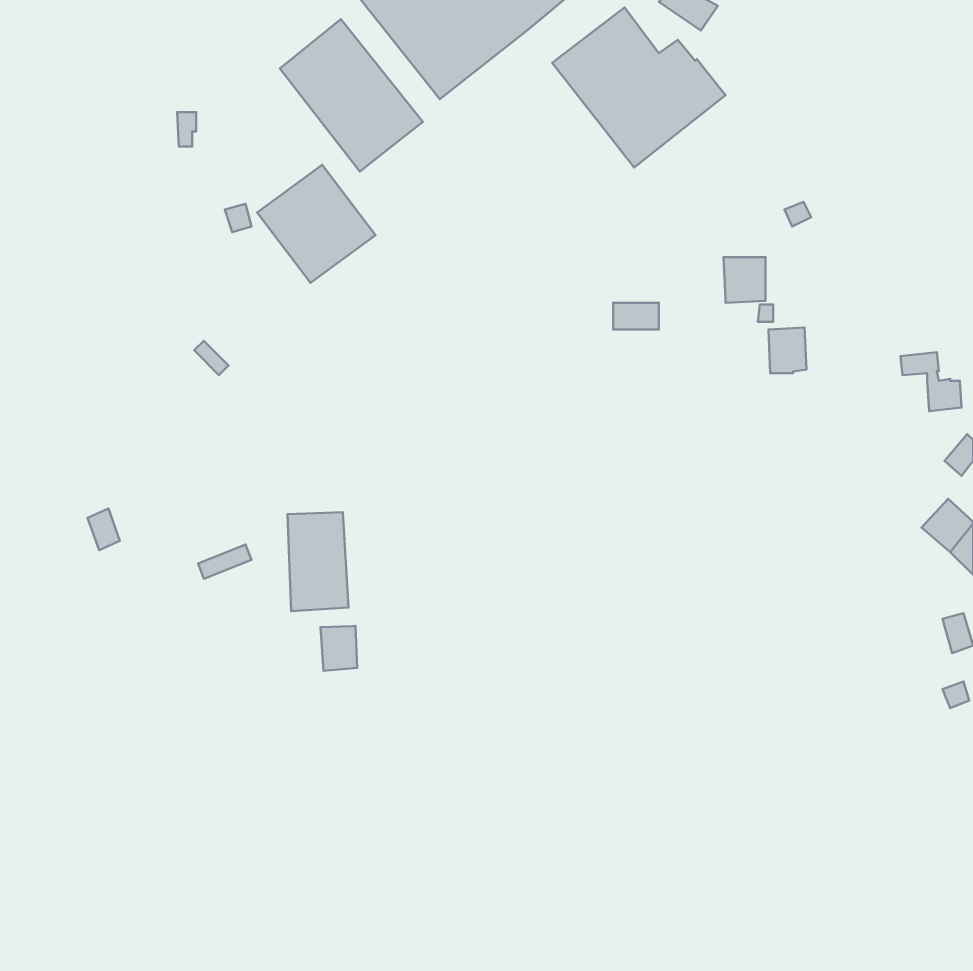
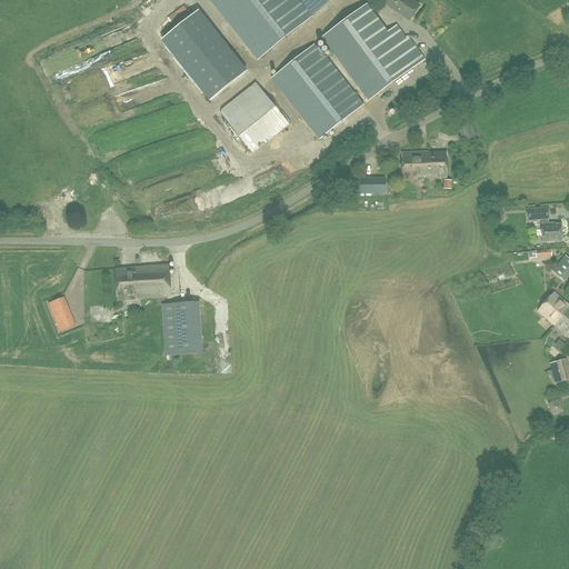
building: none -> [272,43,362,137]
building: [257,165,375,283] -> [221,79,290,148]
building: [768,328,806,373] -> [401,150,423,177]
building: none -> [116,263,171,298]
building: [320,626,357,671] -> none

